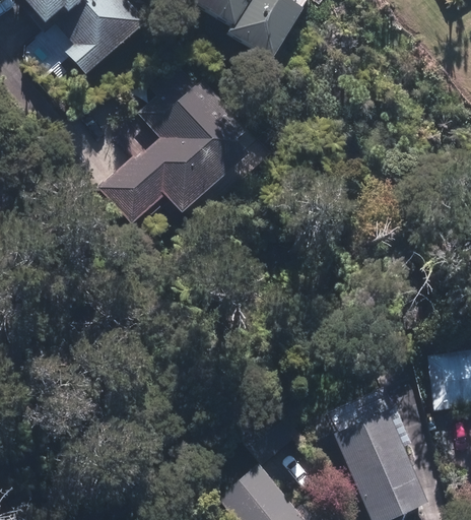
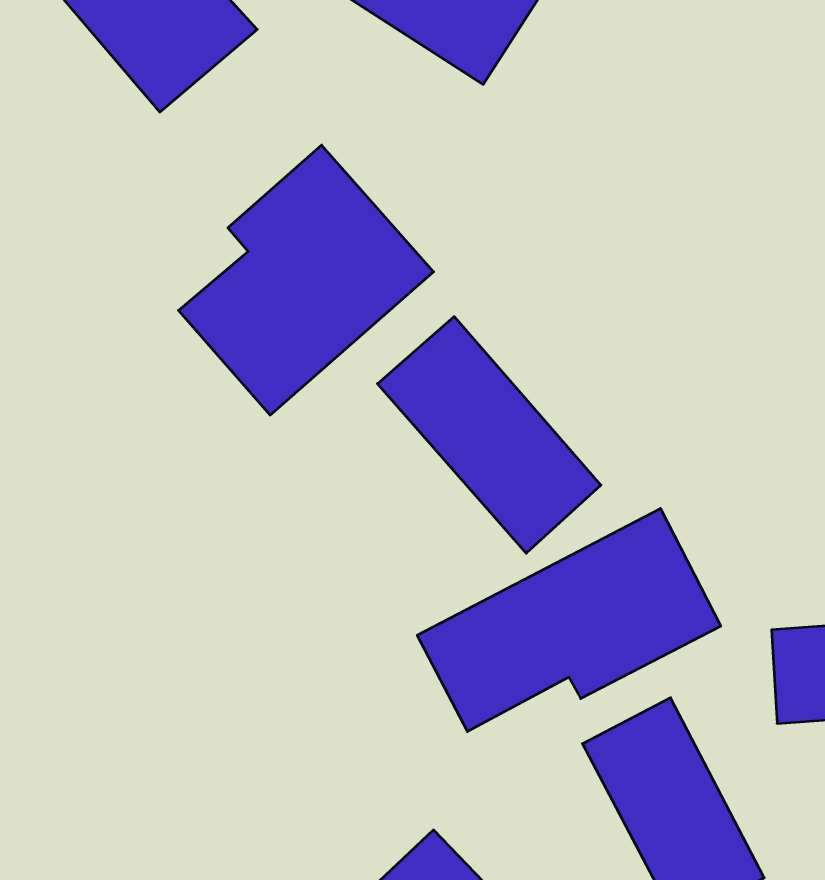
building: none -> [377,317,601,553]
building: none -> [417,508,721,732]

